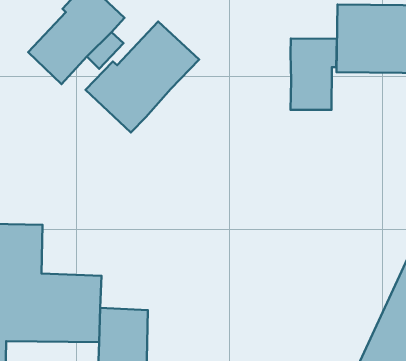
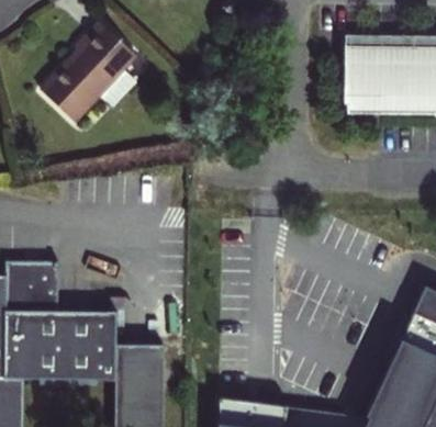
building: [85,22,199,133] -> none
building: [291,38,337,110] -> none

